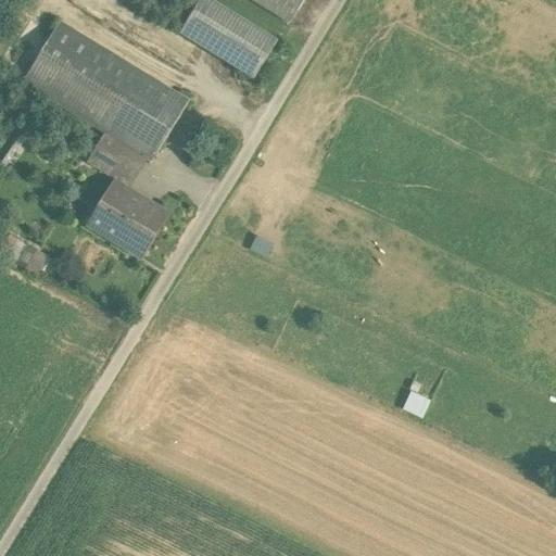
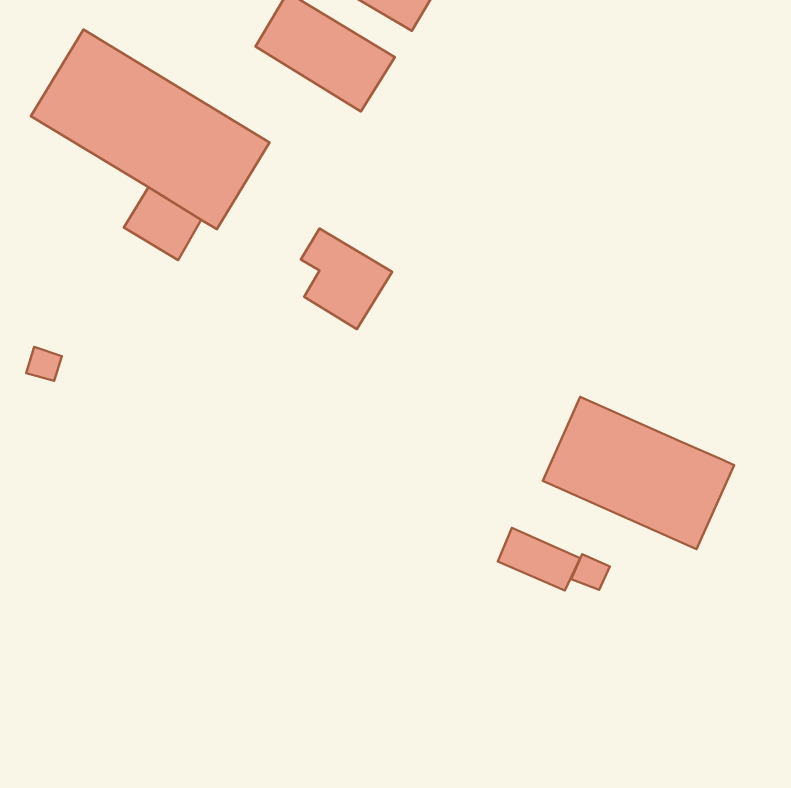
building: [101,184,165,254] -> [301,229,392,329]
building: none -> [543,397,734,549]
building: none -> [498,528,580,590]

